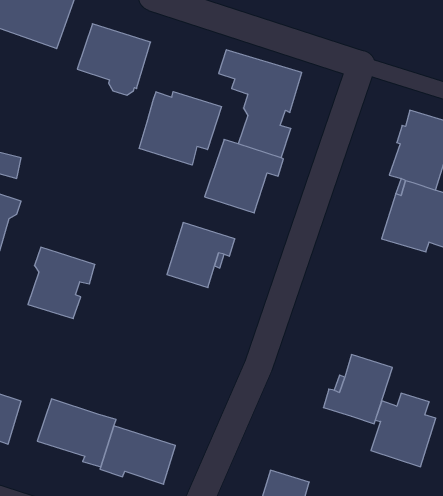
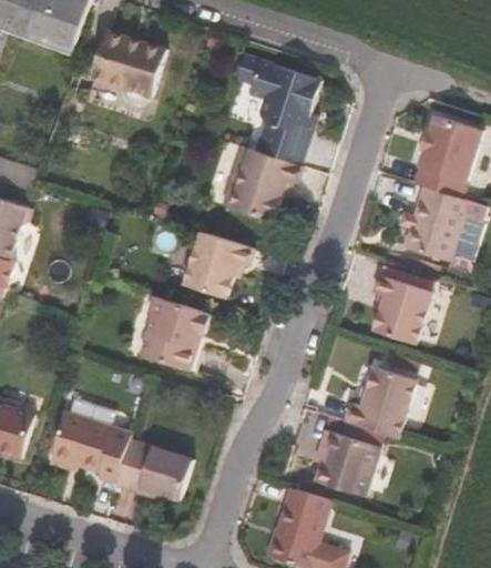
building: [139,92,222,165] -> none
building: [28,247,95,319] -> [140,296,208,369]
building: none -> [371,274,430,344]
building: [371,393,436,467] -> [313,422,379,497]

